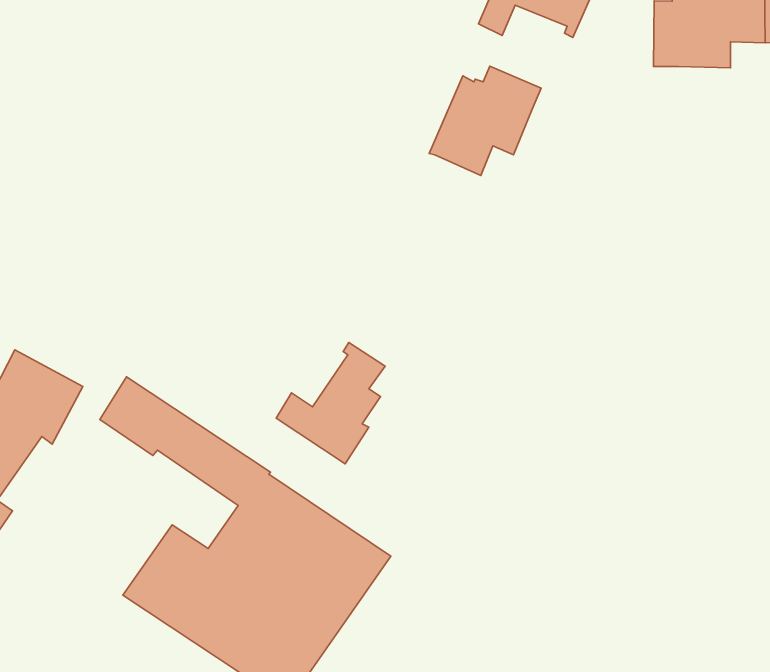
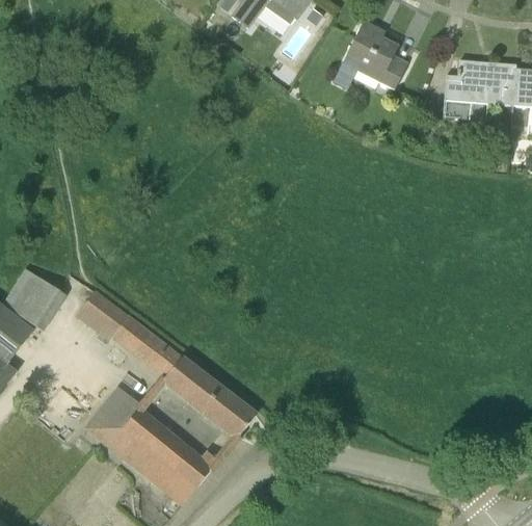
building: [429,66,541,176] -> none
building: [276,342,385,464] -> none

